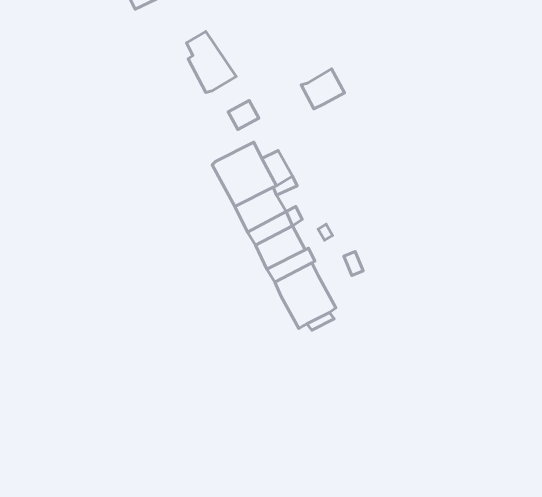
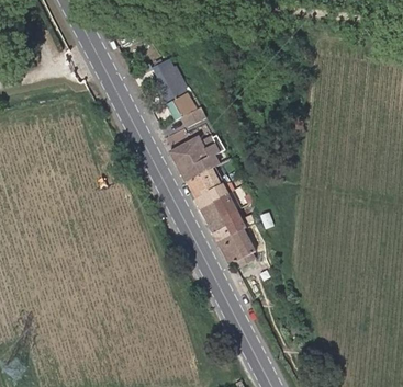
building: [301,69,344,109] -> [166,88,195,115]

